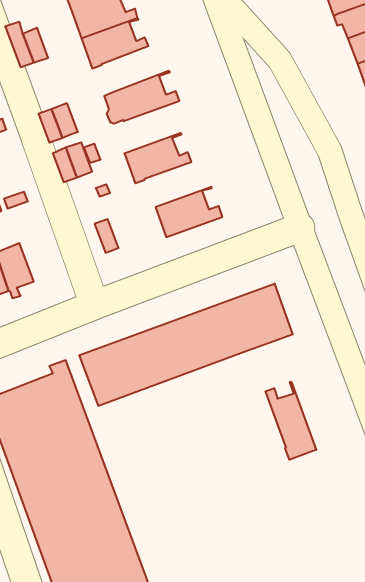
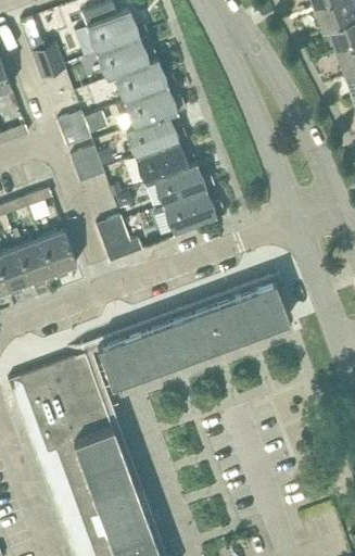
building: none -> [114,61,175,103]
building: none -> [125,111,186,159]
building: none -> [153,166,214,207]
building: none -> [94,223,141,265]
building: none -> [39,231,76,282]
building: [265,382,316,460] -> none

